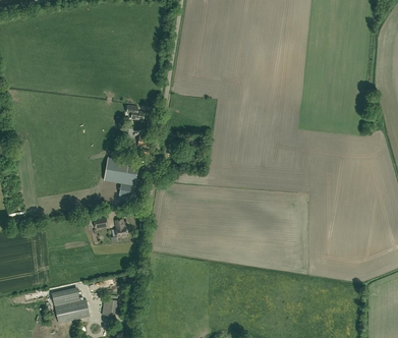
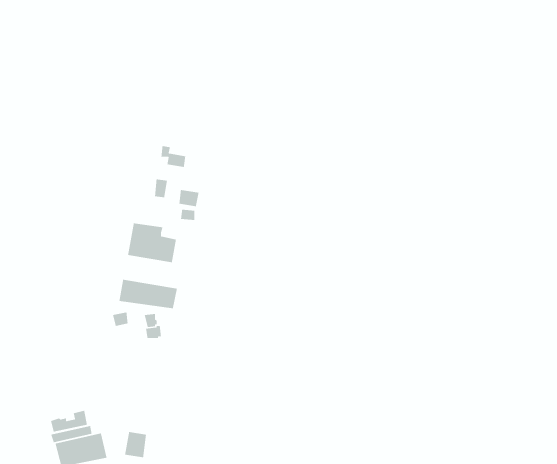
building: none -> [119,279,178,309]

